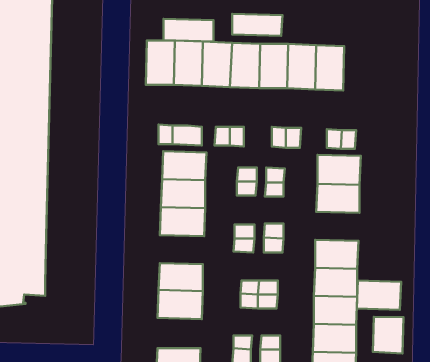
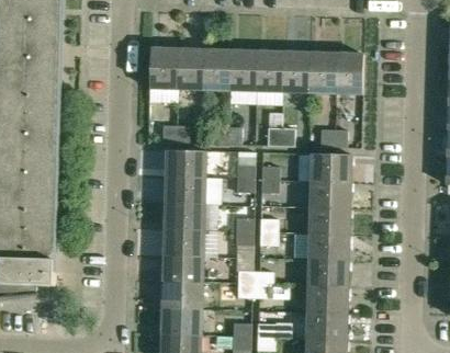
building: [232,14,283,36] -> none
building: [163,19,214,41] -> none
building: none -> [335,52,363,94]
building: none -> [162,229,204,257]
building: [357,281,401,310] -> [308,207,350,235]
building: [373,317,403,353] -> none
building: none -> [160,307,202,335]

